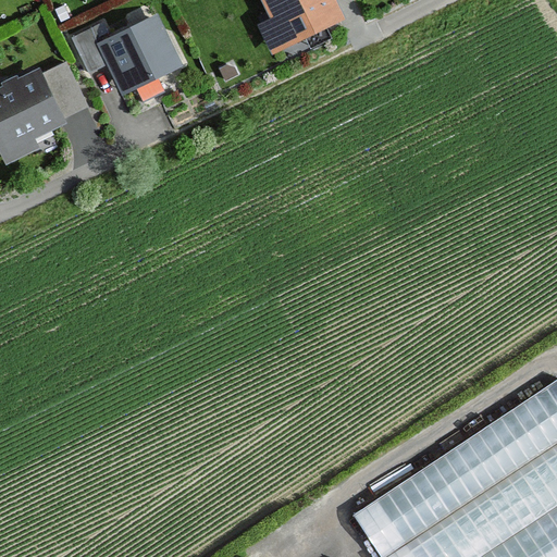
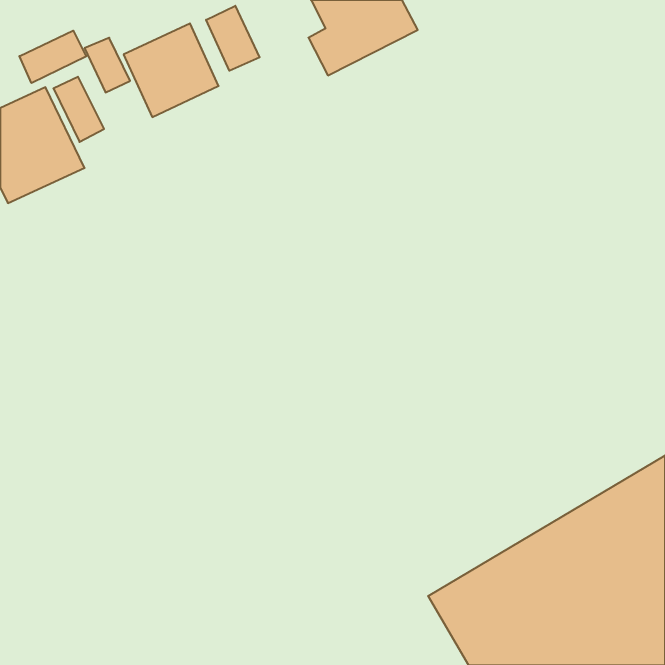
building: none -> [206,6,260,71]
building: none -> [19,31,86,83]

